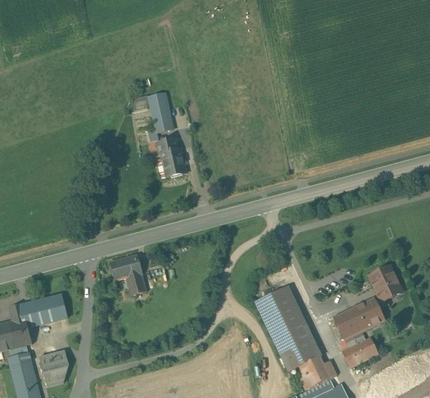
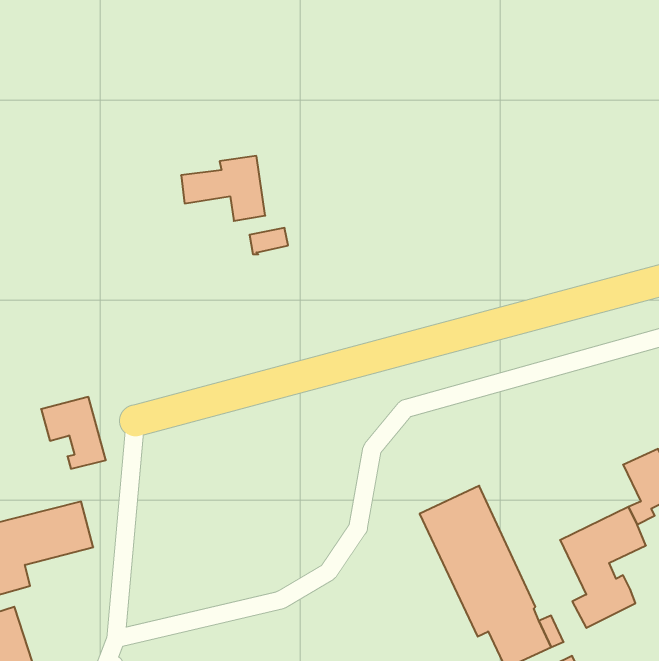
building: [162,148,187,175] -> none
building: [111,254,148,295] -> [41,397,106,469]
building: [32,350,64,377] -> none

